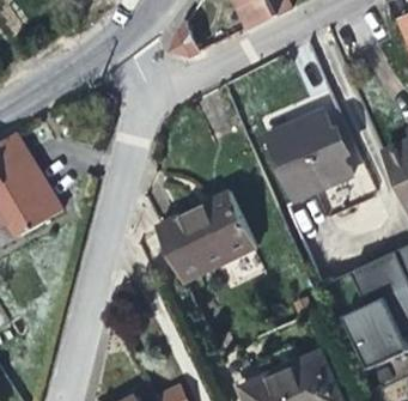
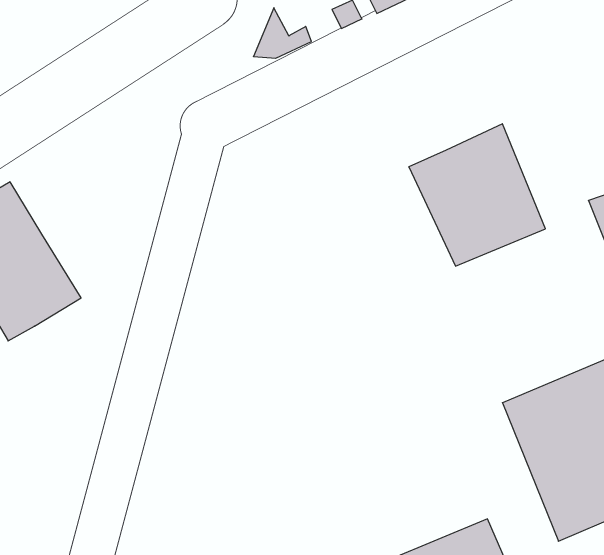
building: [160,193,252,277] -> none

